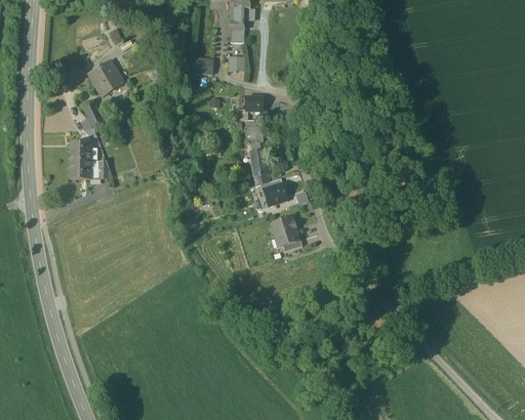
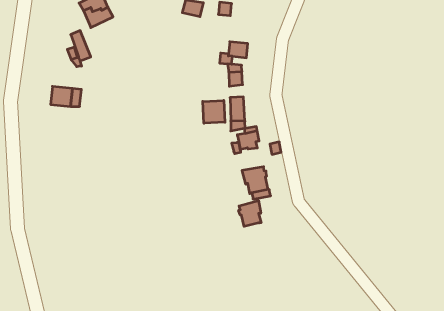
building: [68,141,88,160] -> none
building: none -> [203,100,225,123]
building: none -> [239,201,261,226]

